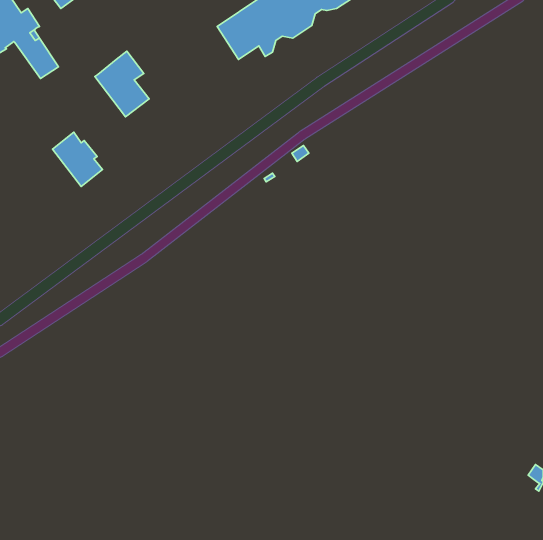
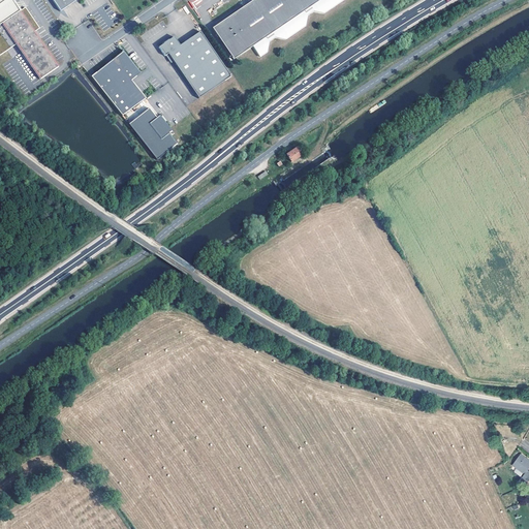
building: none -> [159,29,230,96]
building: [52,132,102,186] -> [128,105,177,158]

